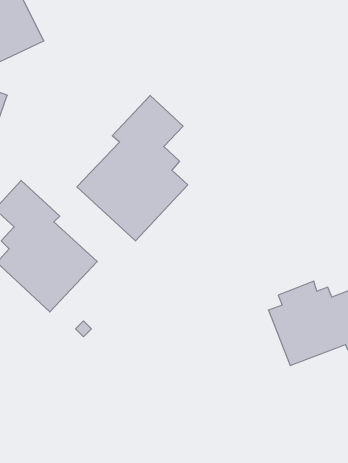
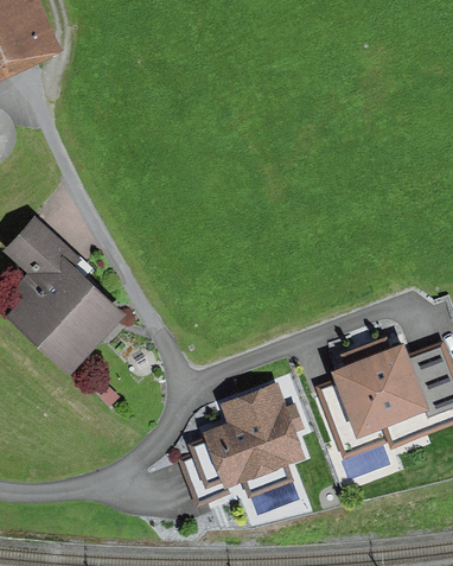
building: [77,95,188,241] -> none
building: none -> [179,383,307,507]

